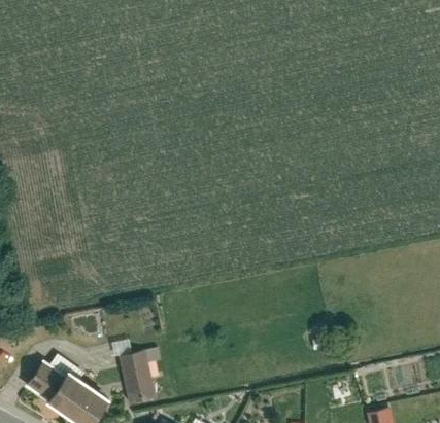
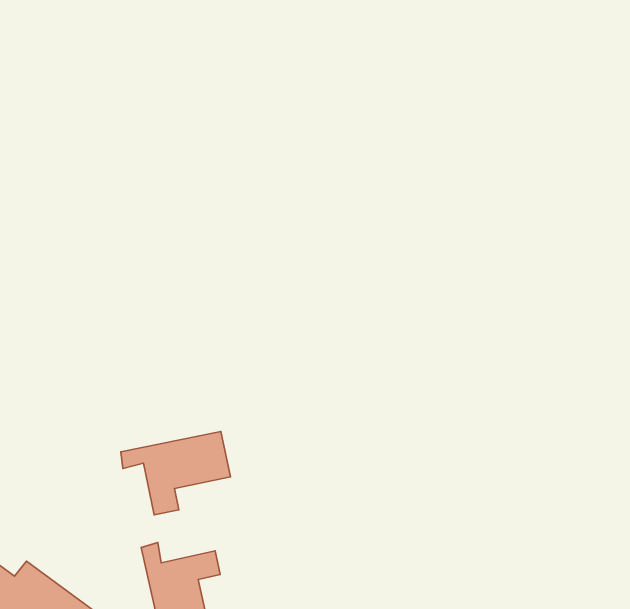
building: none -> [121,432,231,515]

